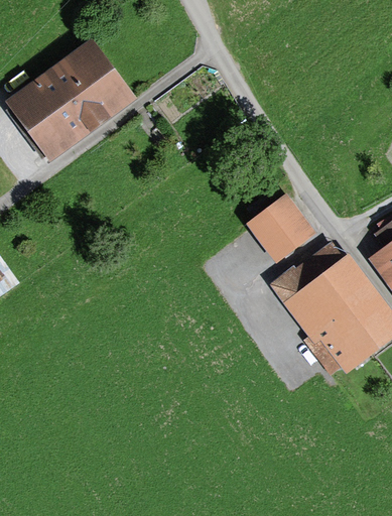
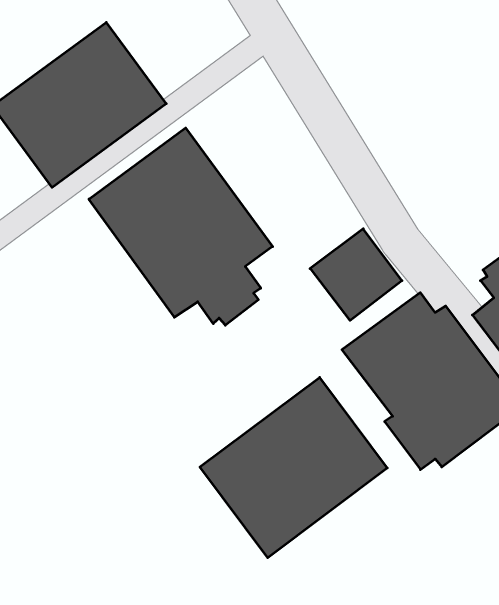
building: none -> [89,128,273,325]
building: none -> [200,377,387,558]

